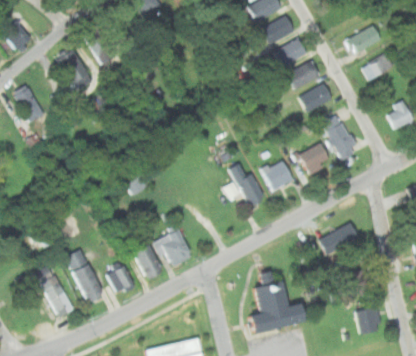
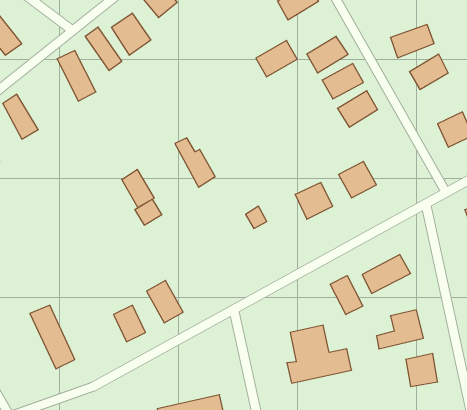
building: [259,14,294,45] -> [256,40,297,77]
building: none -> [112,13,151,55]
building: [320,113,359,159] -> none
building: none -> [122,169,154,207]
building: [229,164,263,206] -> [175,138,215,187]
building: [153,227,193,269] -> none
building: none -> [330,276,363,315]
building: [68,248,106,303] -> none

